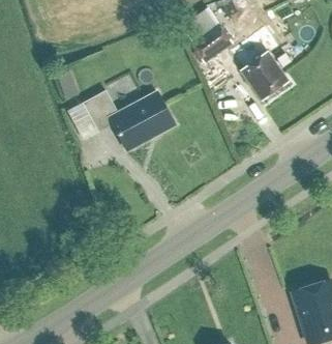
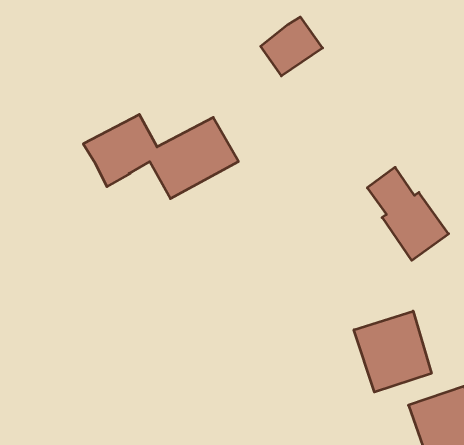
building: [230,34,286,99] -> [367,167,449,260]
building: none -> [354,311,431,392]

